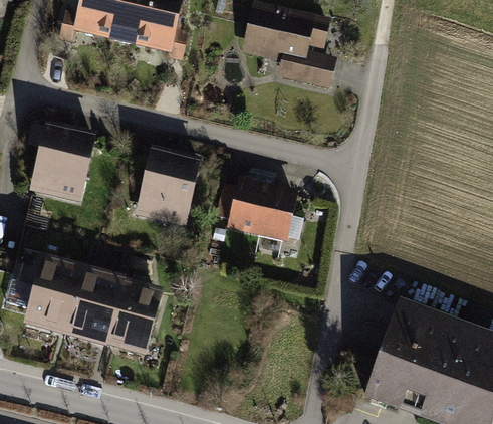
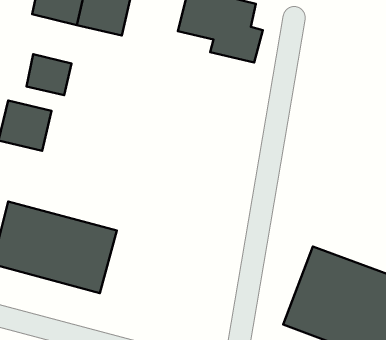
building: none -> [26,54,72,95]
building: [131,156,197,216] -> none
building: [221,174,295,238] -> none

